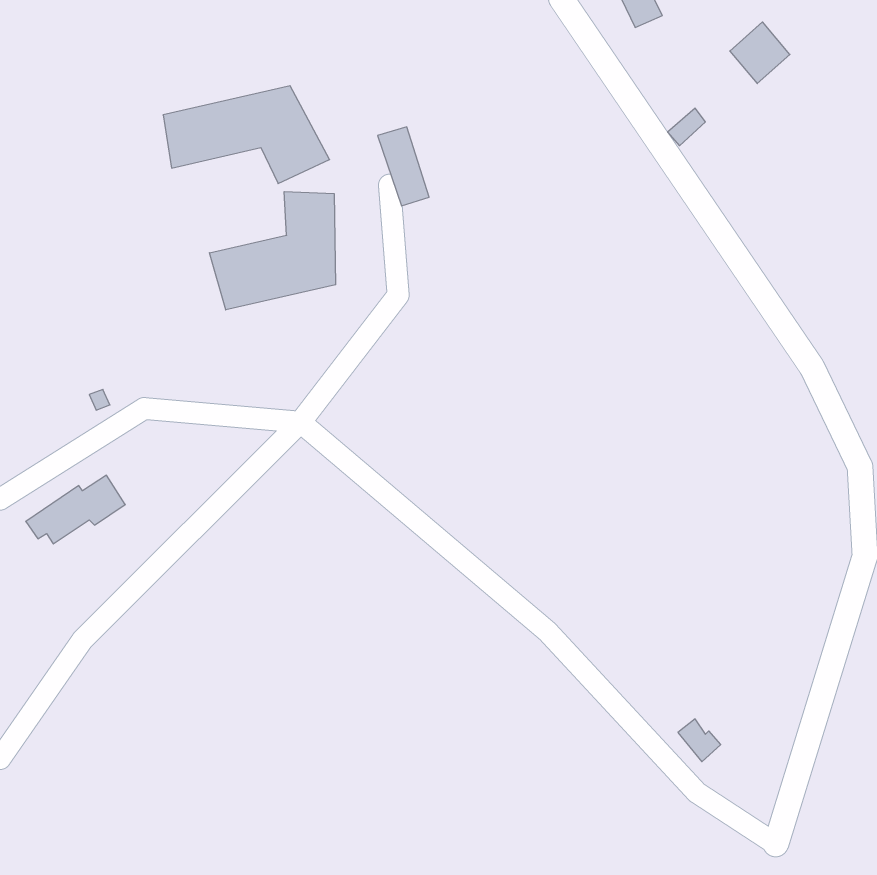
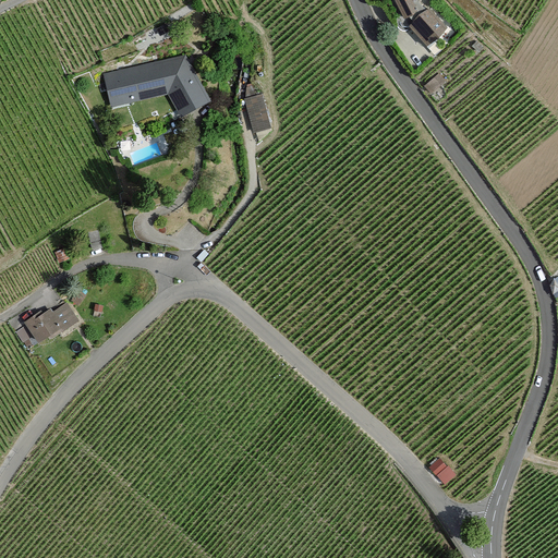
building: [730,22,790,84] -> [409,7,447,46]
building: [209,192,336,310] -> none

